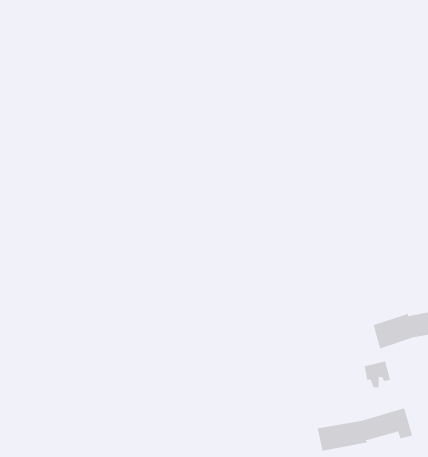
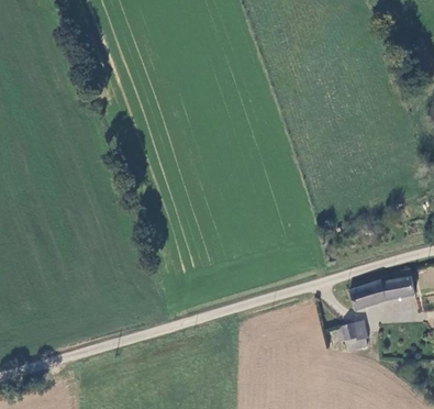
building: [317,407,413,451] -> none

